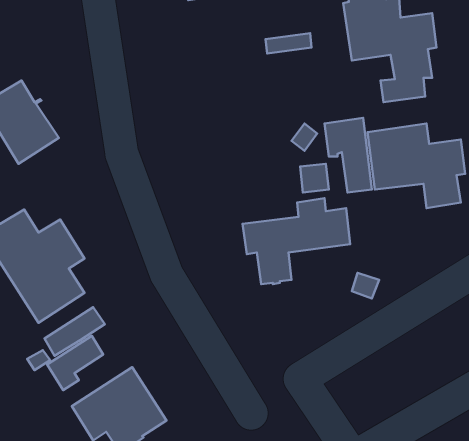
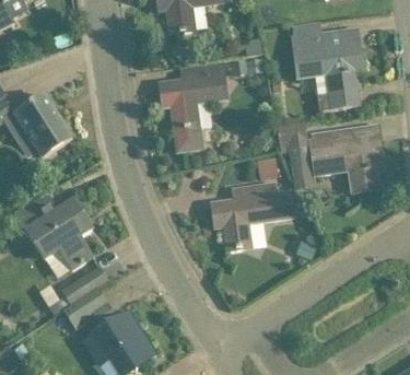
building: none -> [161,62,229,150]

